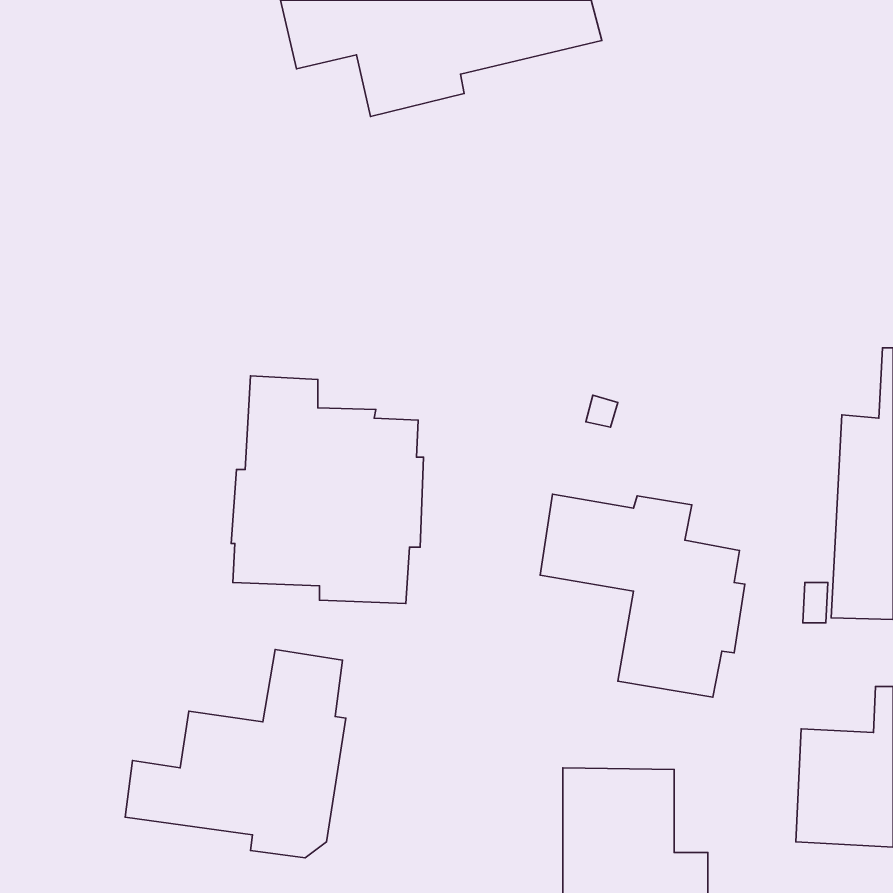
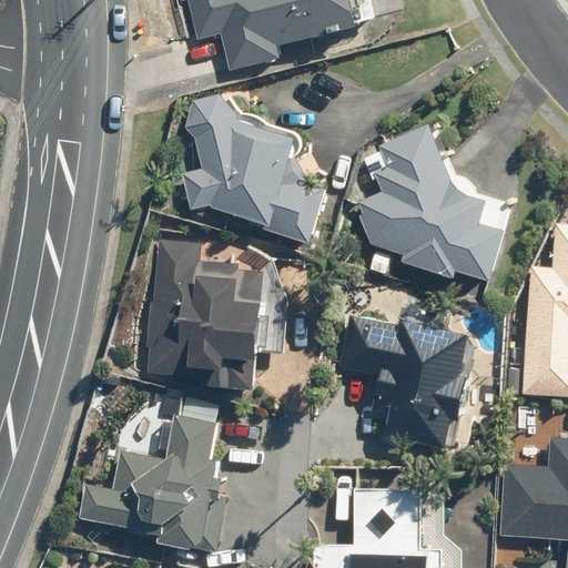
building: none -> [182,92,327,240]
building: none -> [358,123,509,273]

